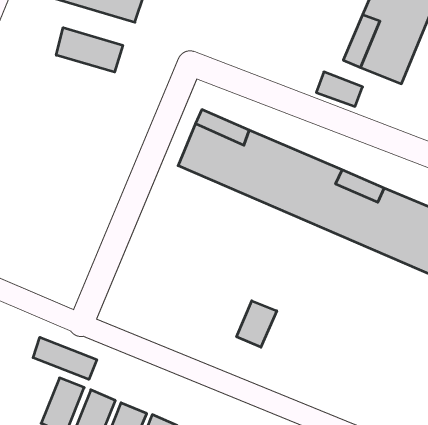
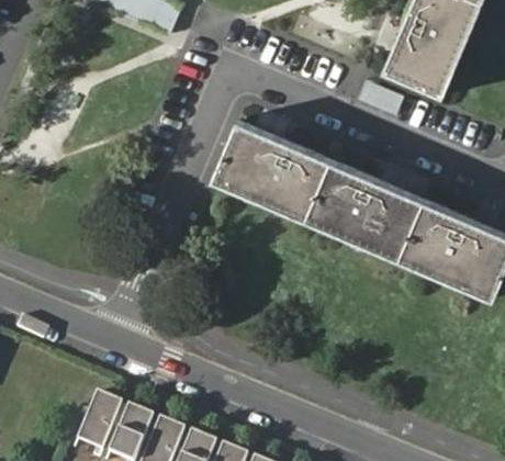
building: [56,28,123,72] -> none
building: [237,301,277,347] -> none
building: [33,337,97,379] -> none

